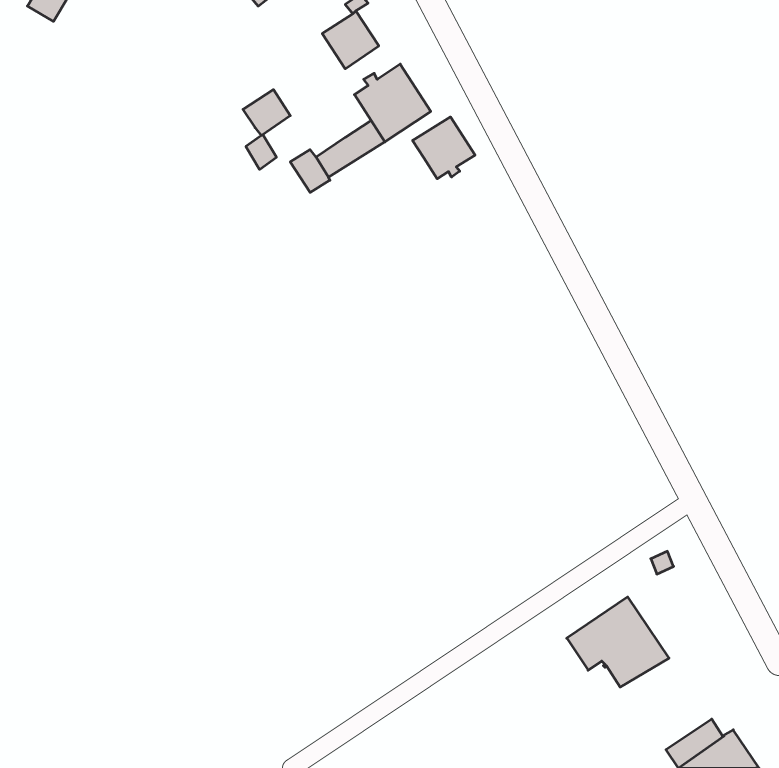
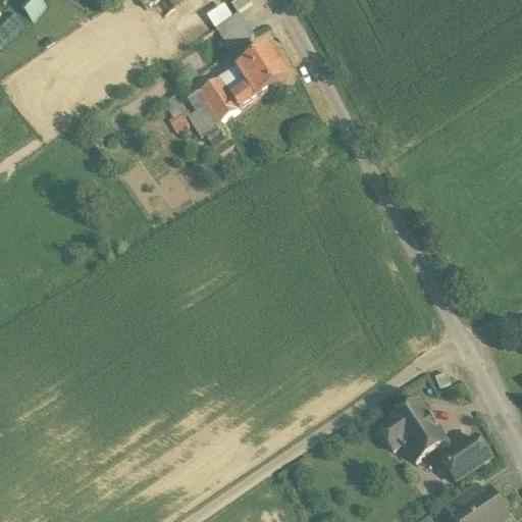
building: [243,90,290,135] -> [199,74,230,105]
building: [413,117,475,179] -> none
building: none -> [440,433,489,479]

